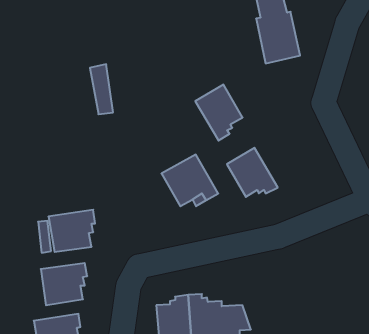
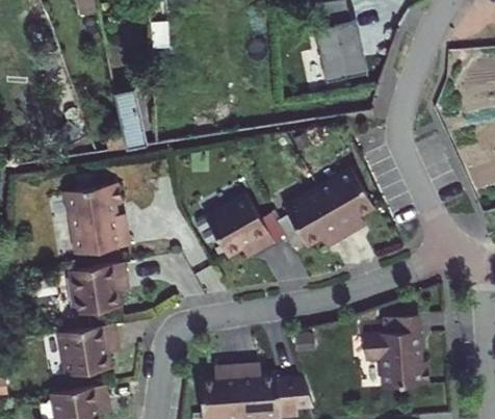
building: [195,85,243,141] -> [316,167,373,235]
building: none -> [61,182,129,254]
building: none -> [362,315,427,388]

